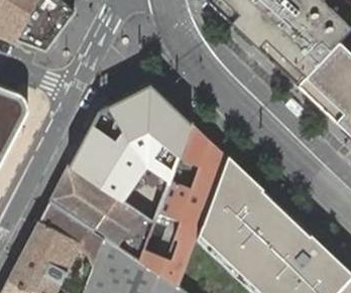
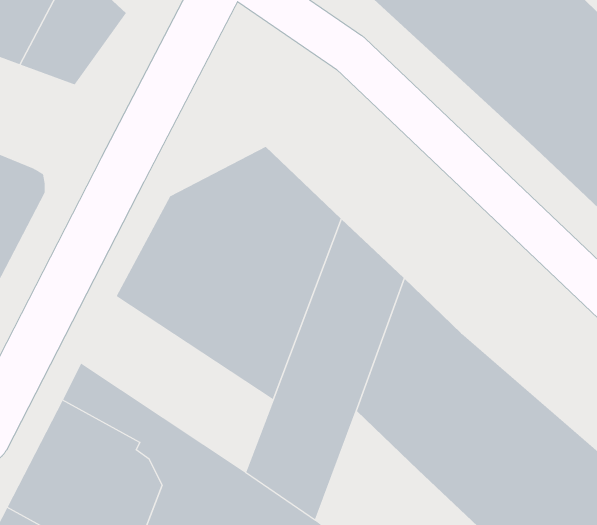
building: [49,166,154,262] -> none

